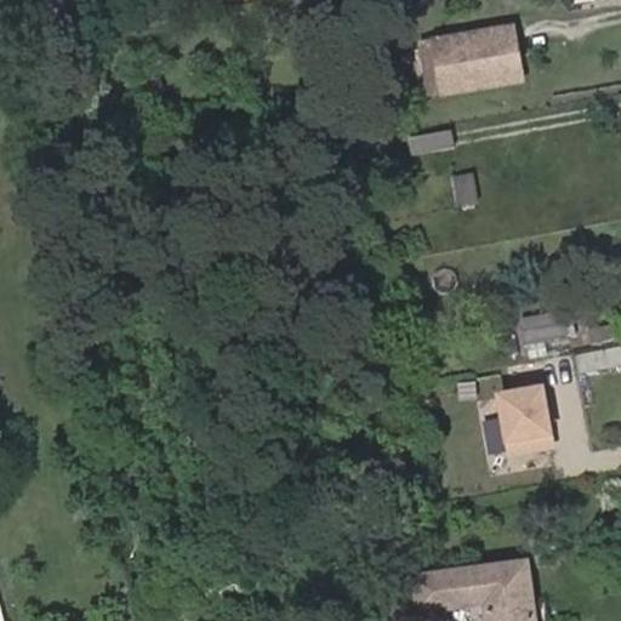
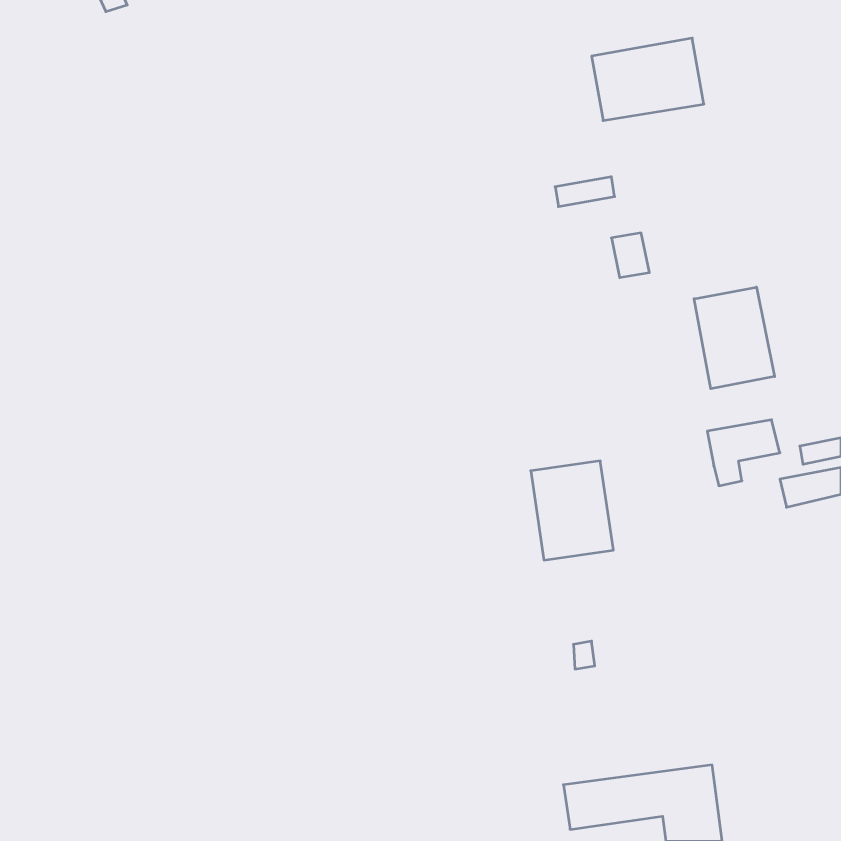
building: none -> [694,287,775,389]
building: [492,381,553,454] -> [531,461,613,560]

